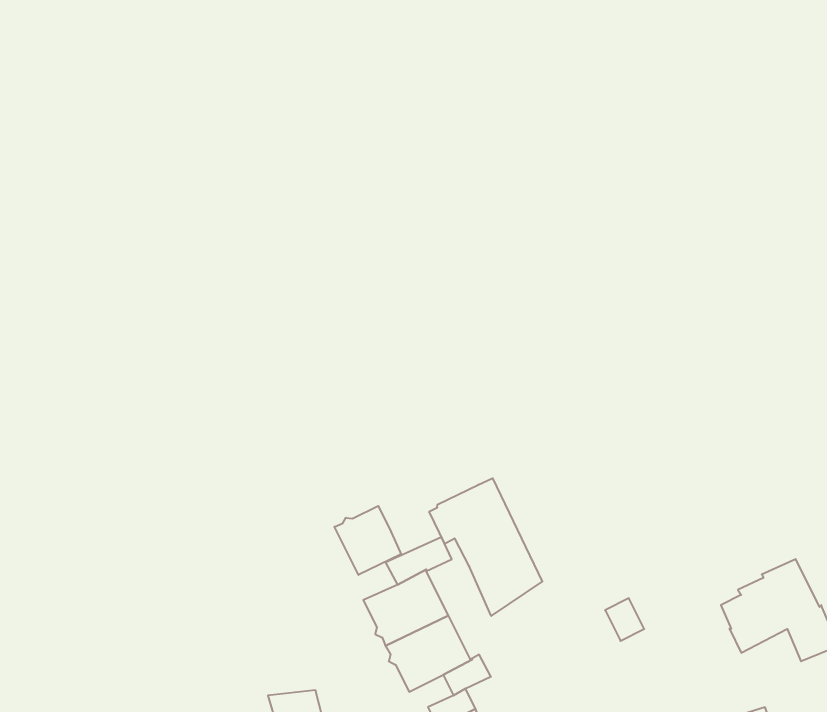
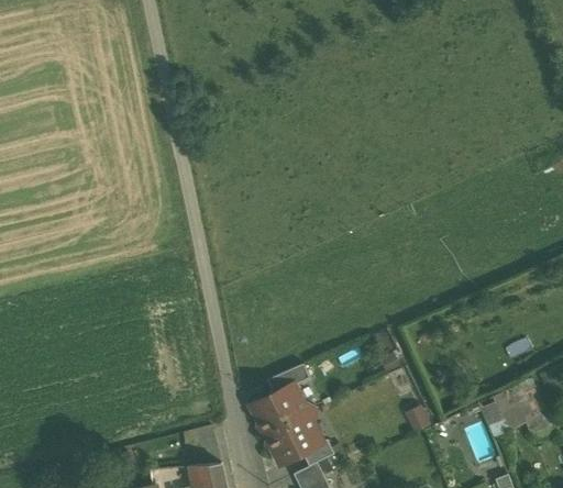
building: [429,478,542,616] -> none
building: [334,506,402,575] -> none

